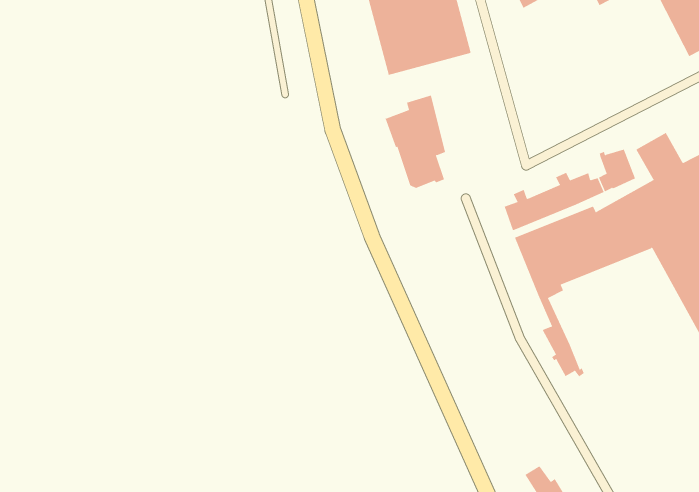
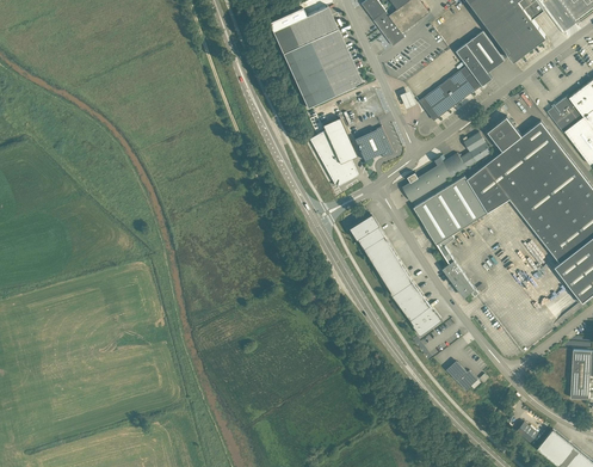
building: none -> [419,31,504,121]
building: none -> [353,127,391,161]
building: none -> [348,214,441,336]

